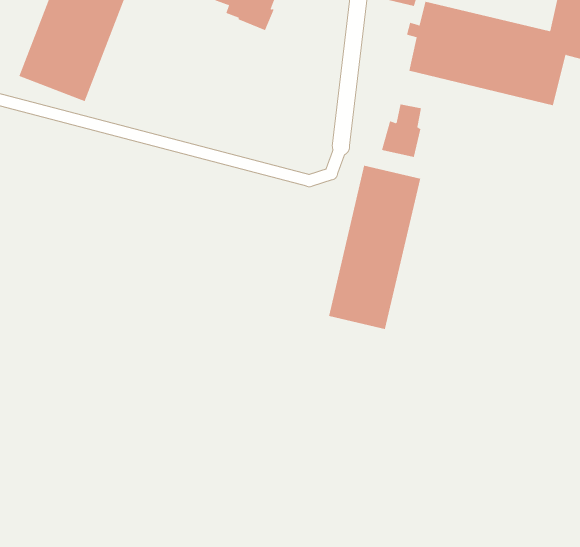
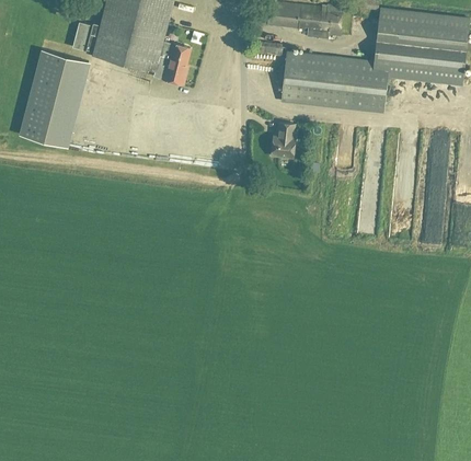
building: [328,165,421,330] -> none

